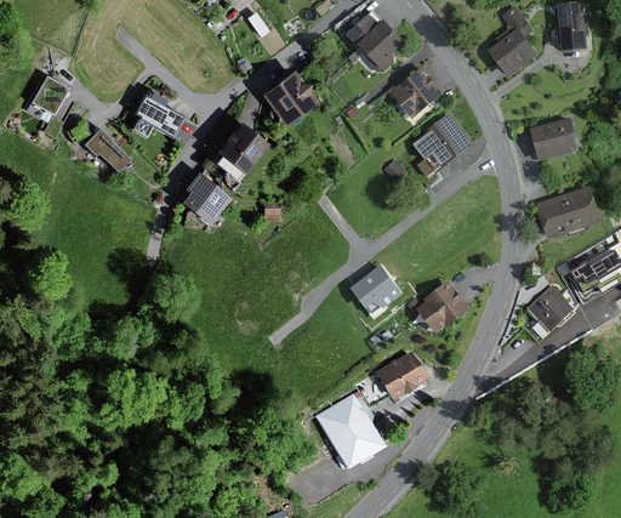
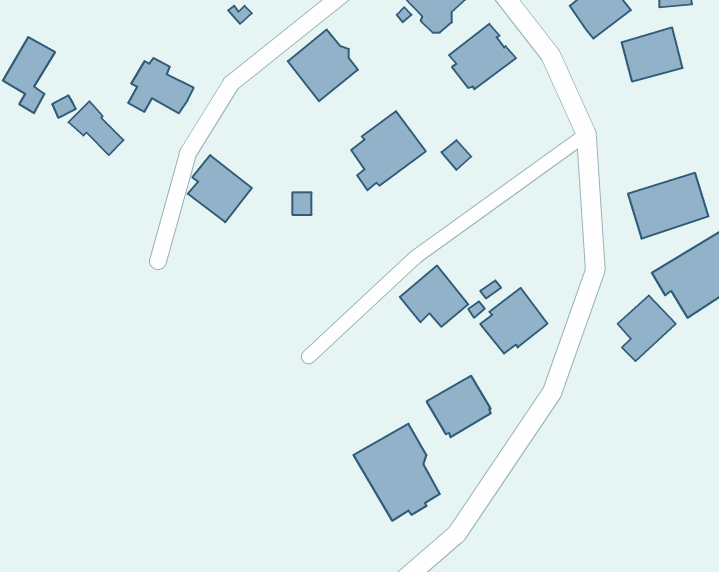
building: [414,112,474,176] -> [351,111,426,190]
building: [530,116,580,160] -> [621,28,683,81]
building: [215,121,269,180] -> none

